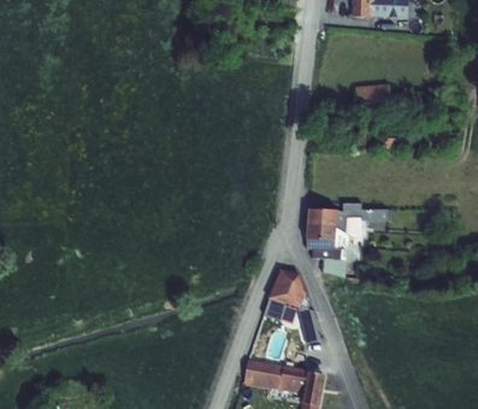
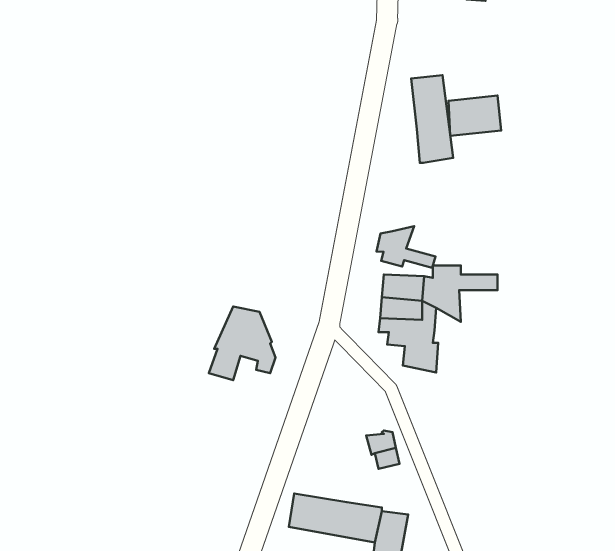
building: none -> [411,75,453,163]
building: none -> [377,226,435,268]
building: [264,269,309,320] -> [209,307,275,380]

